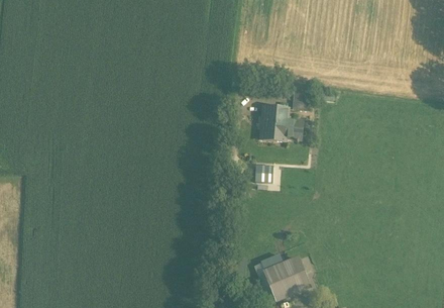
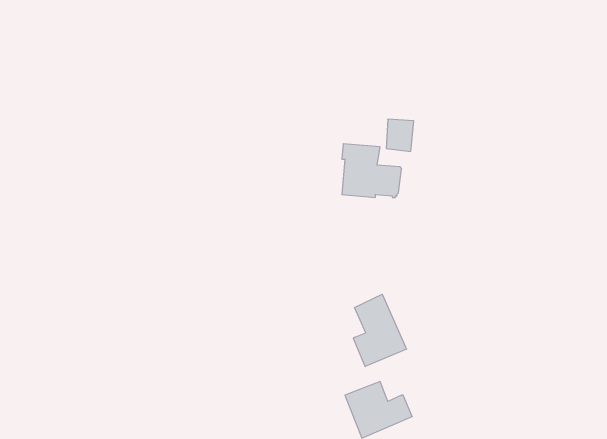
building: none -> [354,294,406,367]

